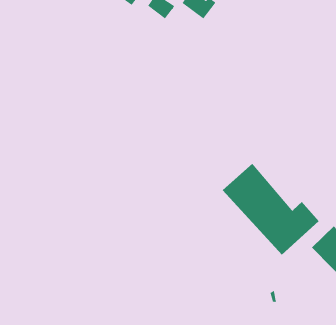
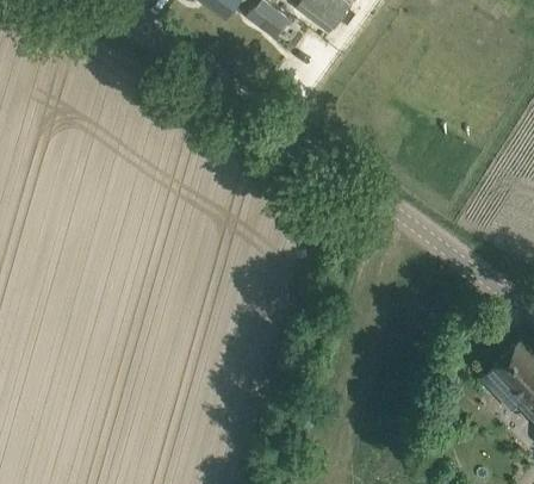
building: [222,163,320,255] -> none

